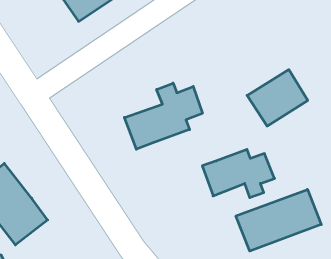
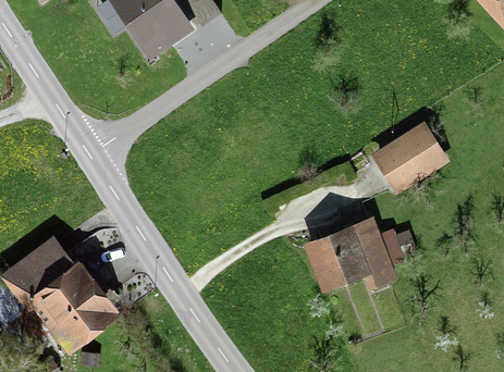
building: [124,83,202,149] -> none
building: [236,189,321,251] -> none

